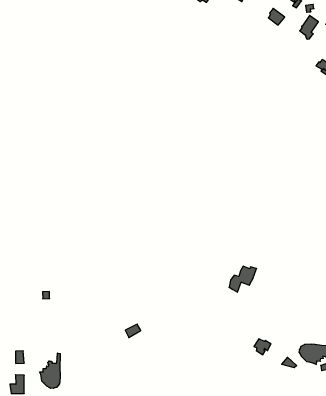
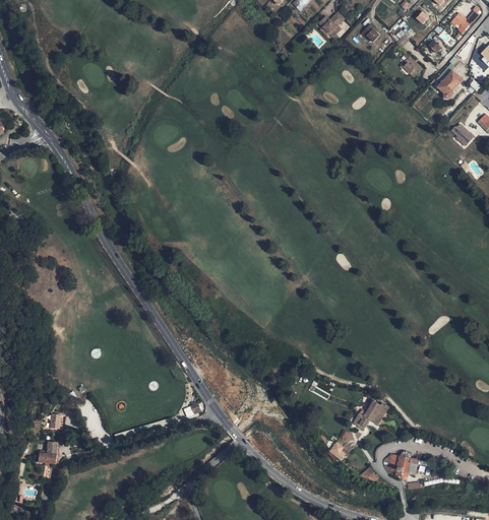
building: [229,266,257,292] -> [353,400,388,430]
building: [40,353,60,388] -> none

